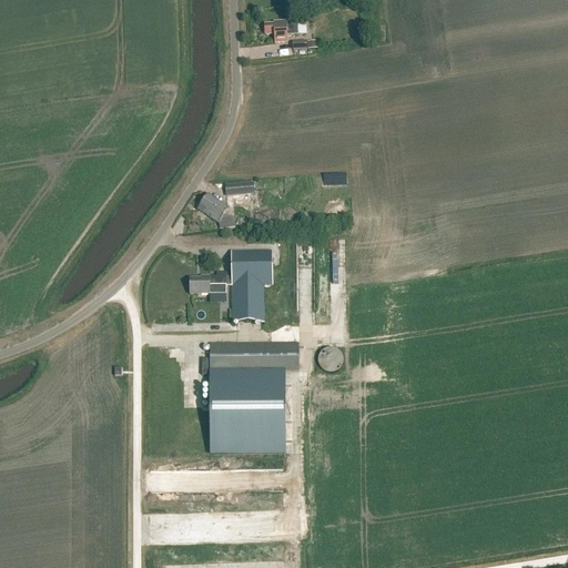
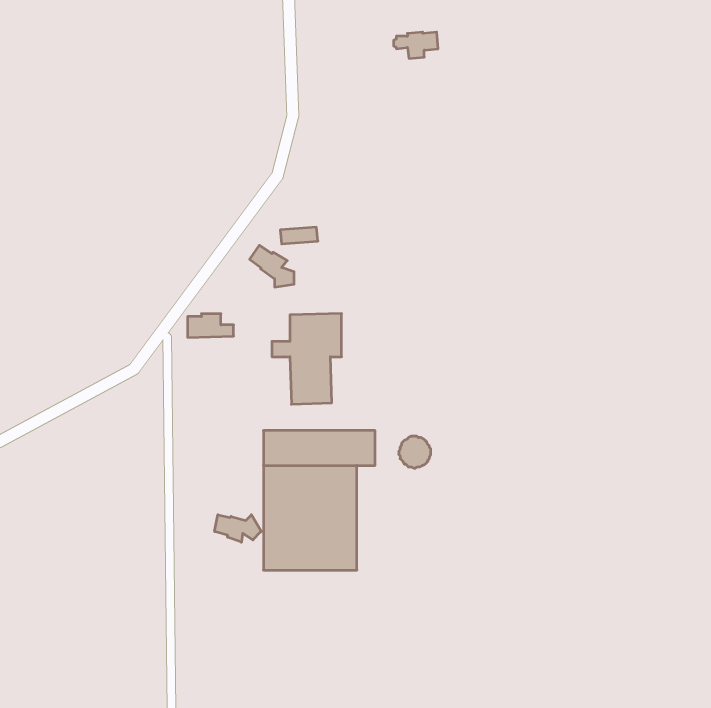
building: [262,20,297,41] -> [394,32,438,58]
building: [190,275,226,294] -> [188,314,234,337]
building: none -> [215,515,261,542]

